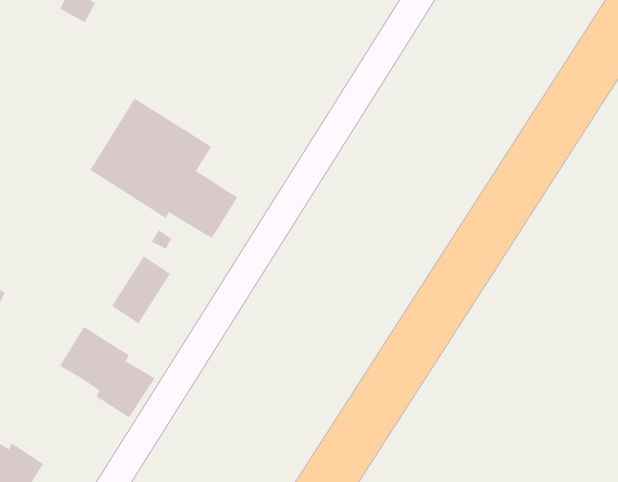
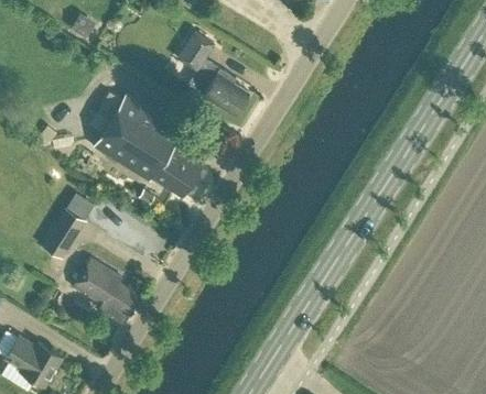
building: none -> [177,32,249,116]
building: [111,255,171,324] -> [43,210,86,260]

